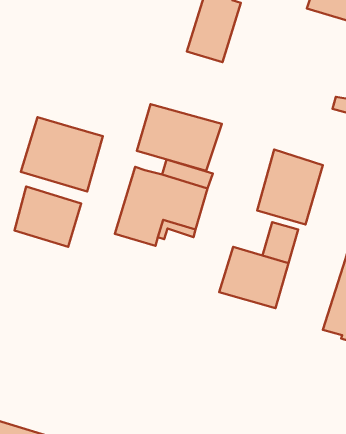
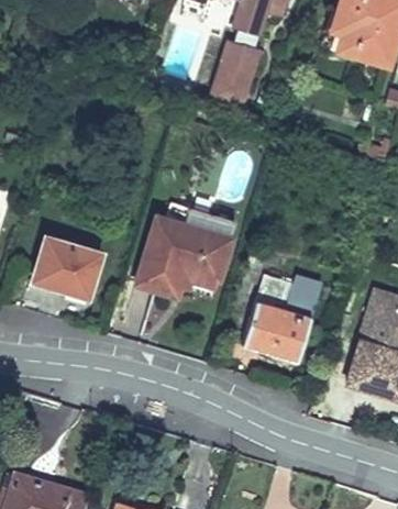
building: [137,104,222,171] -> none
building: [21,117,103,192] -> none
building: [257,150,323,224] -> none

